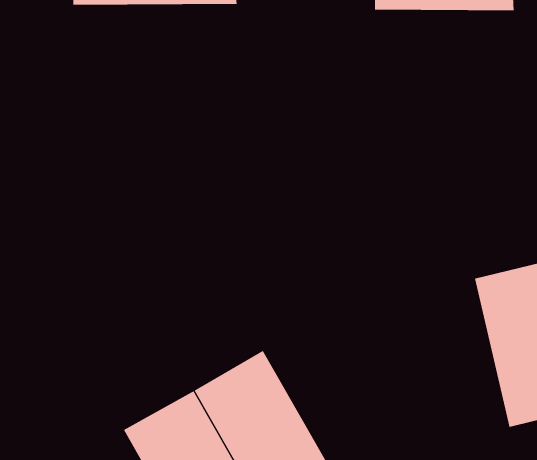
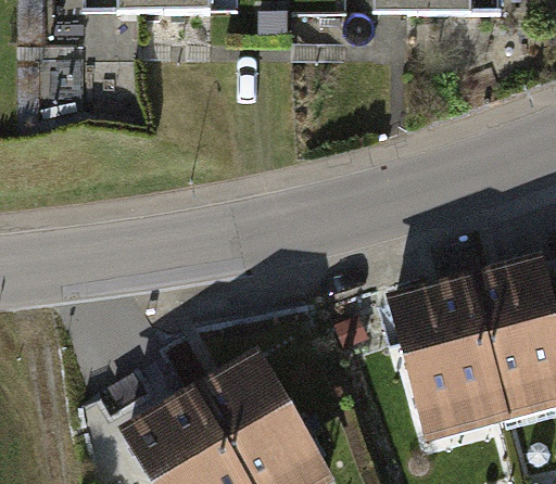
building: none -> [389,277,500,438]

